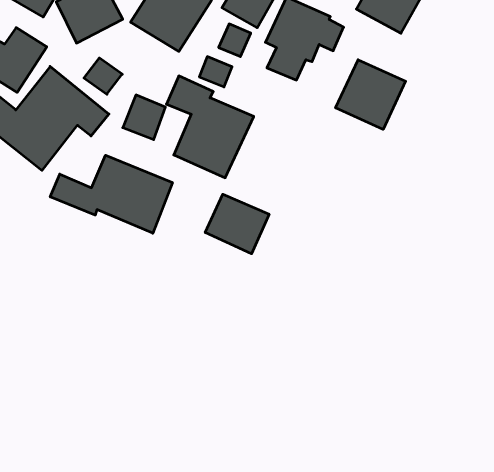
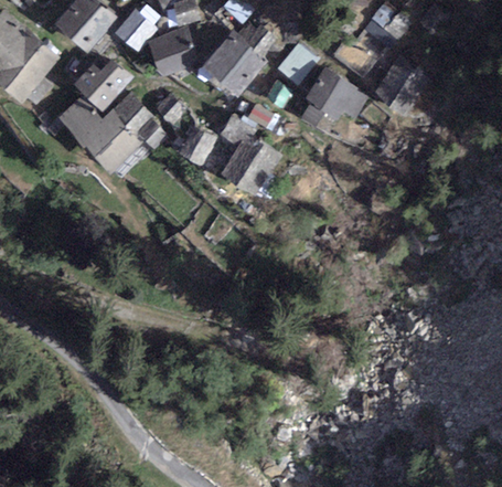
building: [336,60,406,129] -> none
building: [50,155,172,233] -> none
building: [205,194,269,254] -> none

